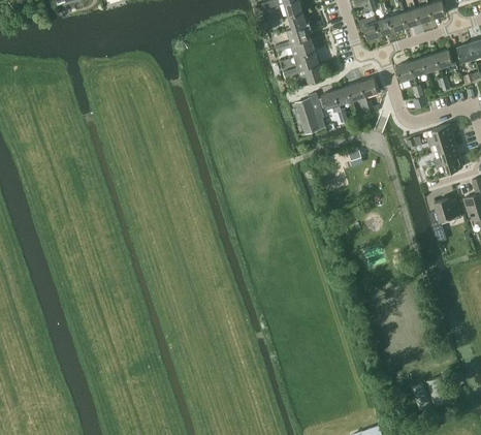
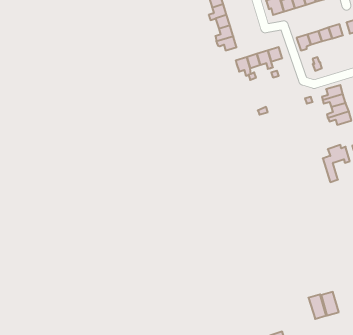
building: [295,93,324,133] -> none

